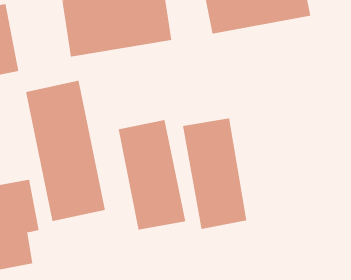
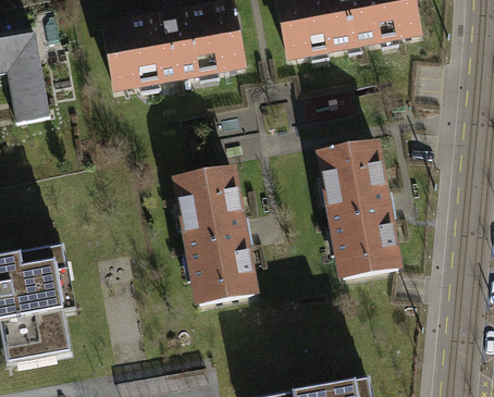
building: [25,80,105,222] -> none
building: [182,118,247,229] -> [317,133,397,271]

